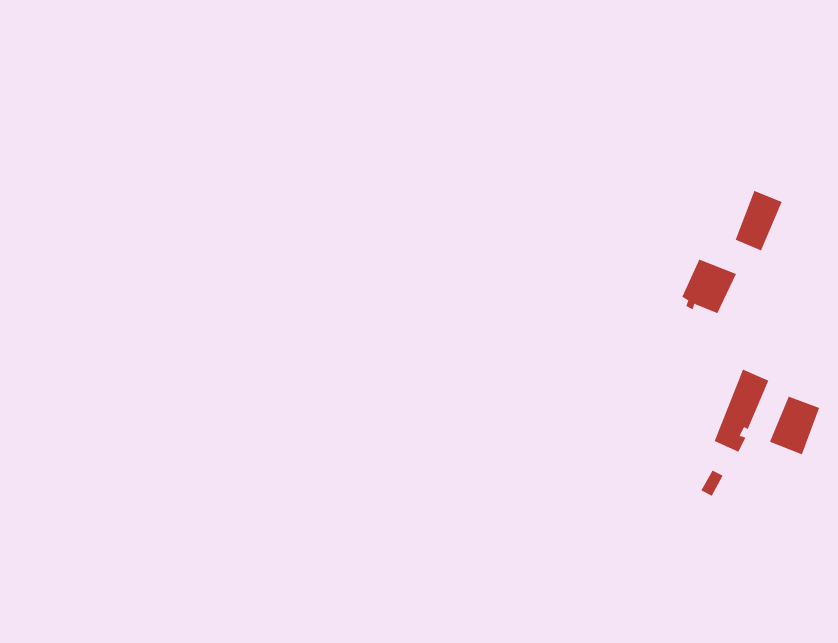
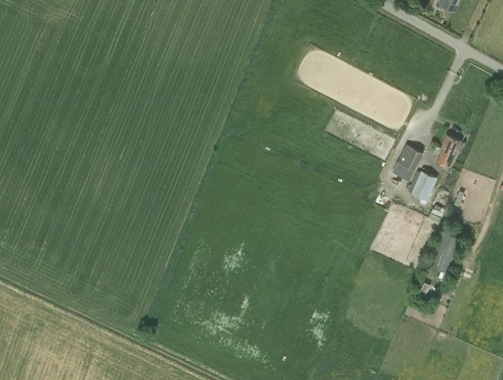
building: none -> [392,145,424,180]
building: [769,396,820,455] -> none

